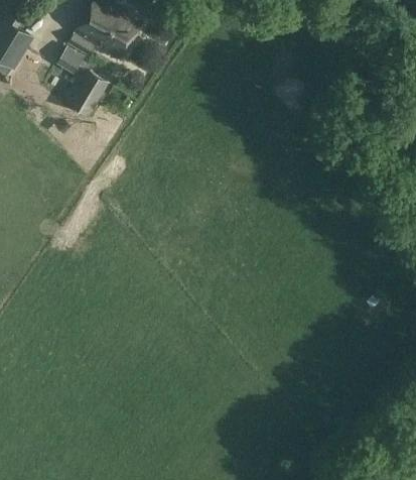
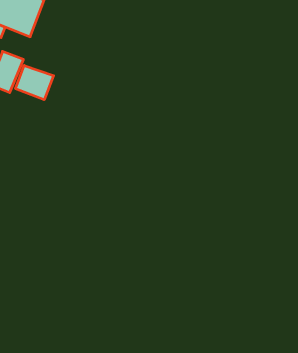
building: none -> [16,65,54,100]

